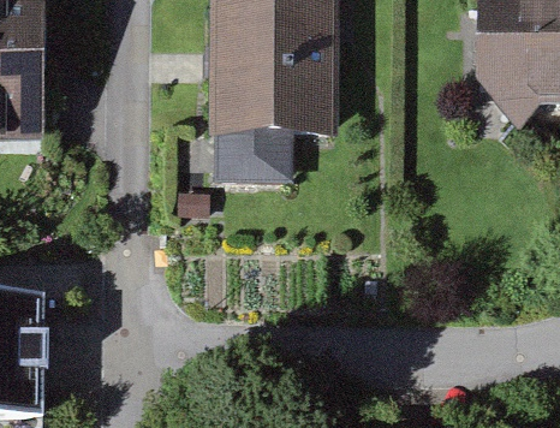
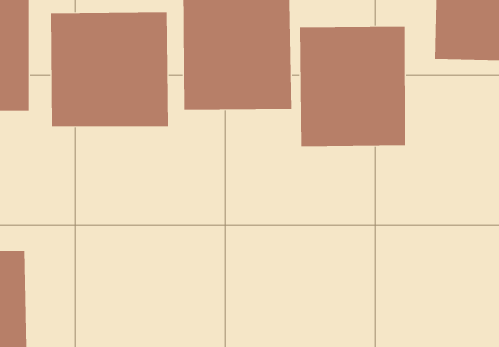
building: none -> [51,11,168,127]
building: none -> [300,26,406,147]

